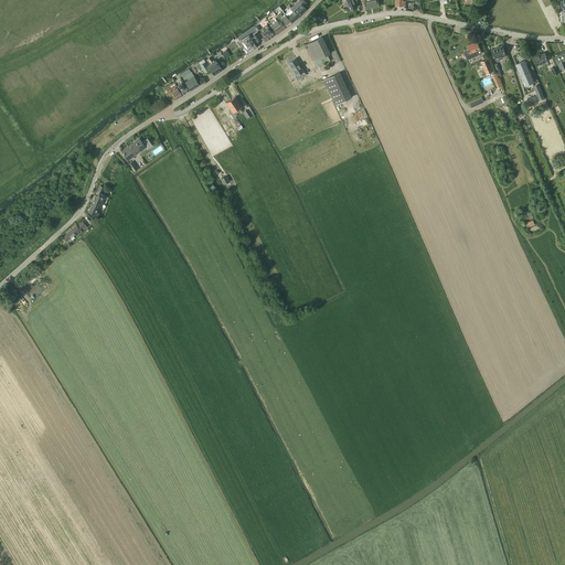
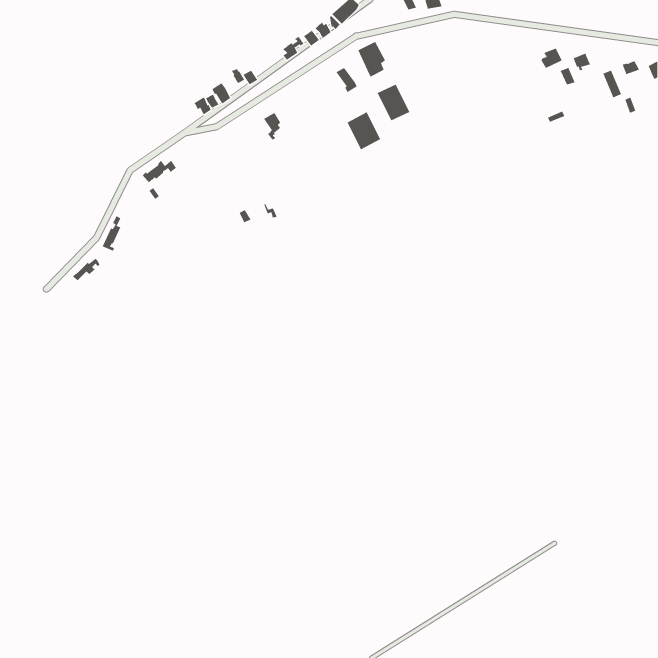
building: none -> [347,111,381,150]

